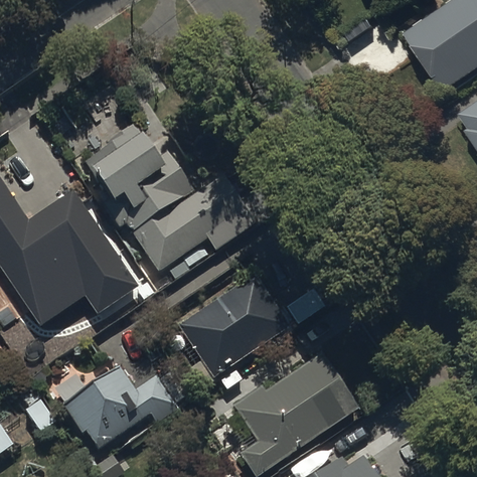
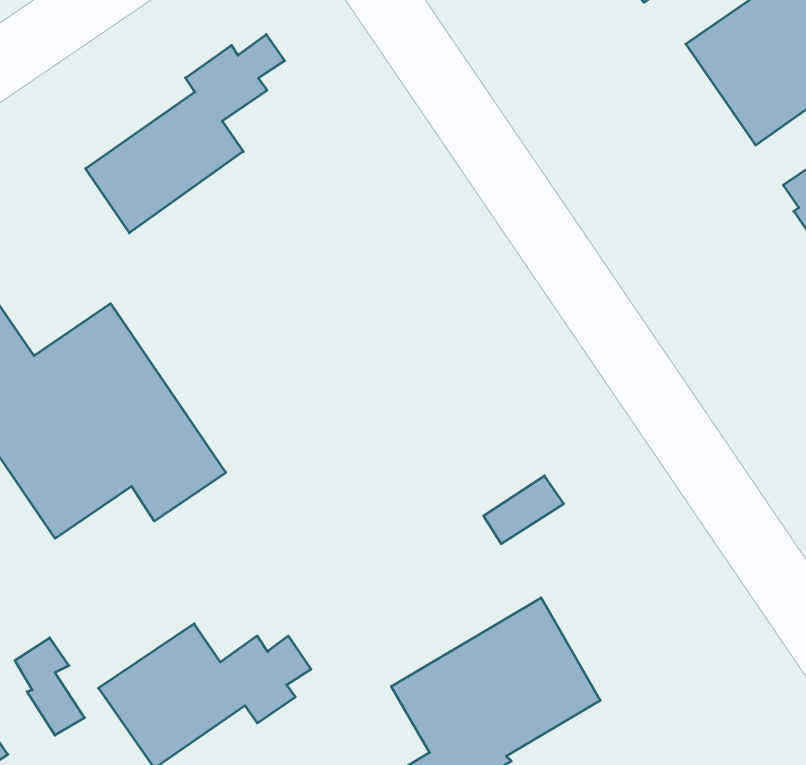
building: none -> [86,34,285,233]
building: [86,125,254,270] -> none
building: [178,273,290,377] -> none

